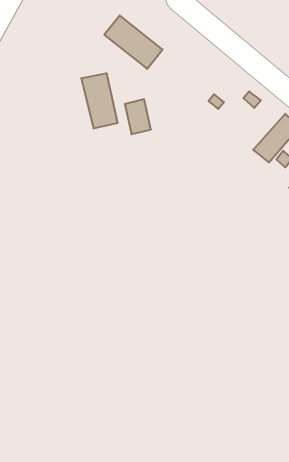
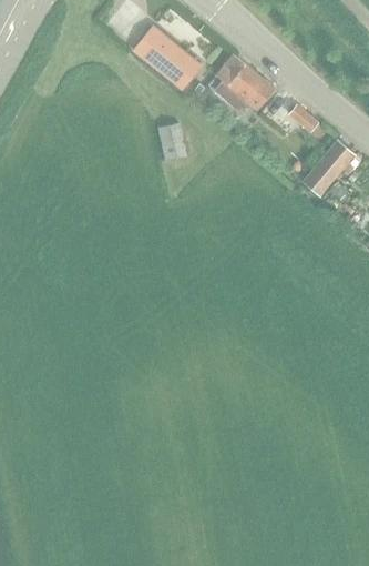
building: none -> [214,53,274,112]
building: [81,73,118,129] -> none

